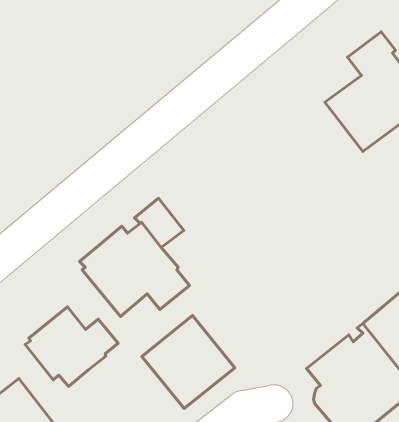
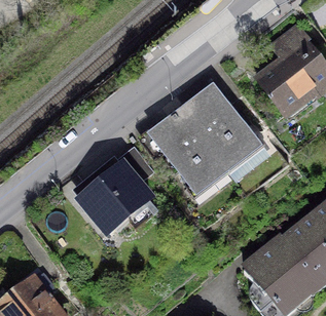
building: none -> [150,87,254,190]
building: [25,307,118,387] -> none
building: [142,315,235,409] -> none

